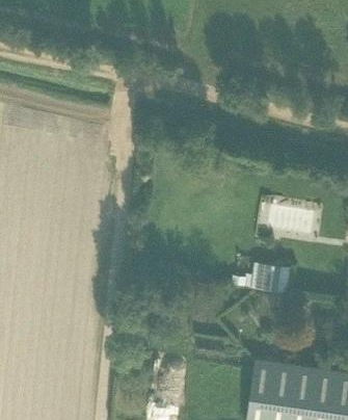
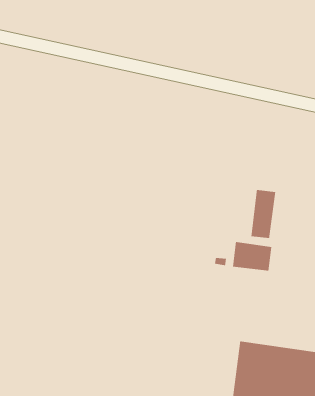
building: none -> [251,189,276,239]

